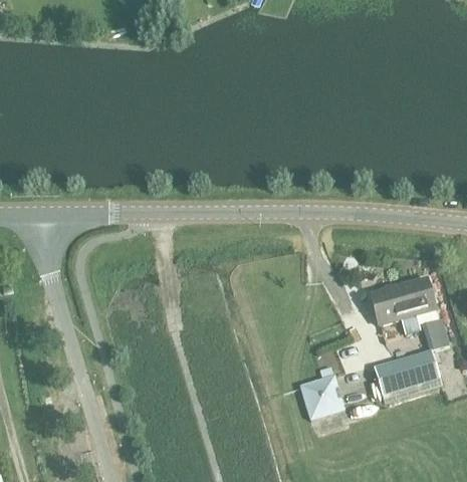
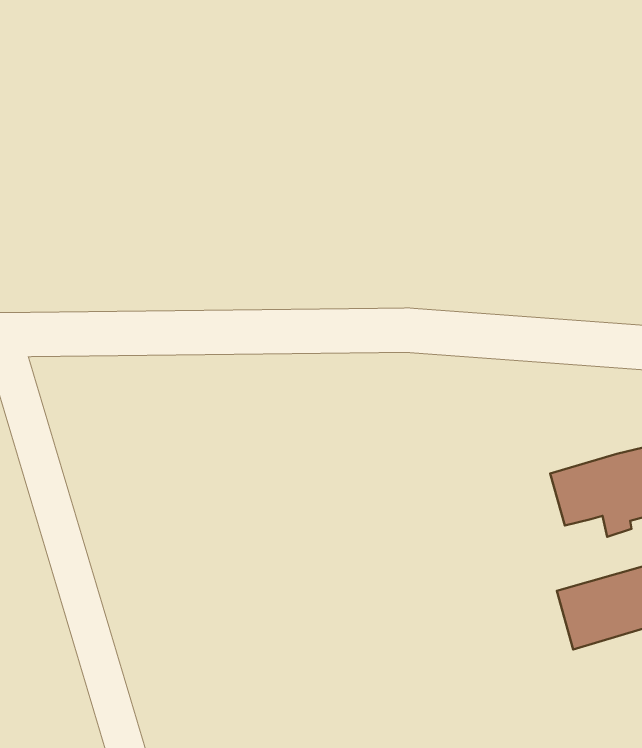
building: [299,374,345,420] -> none

